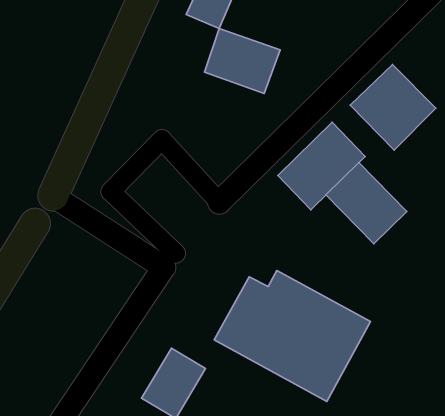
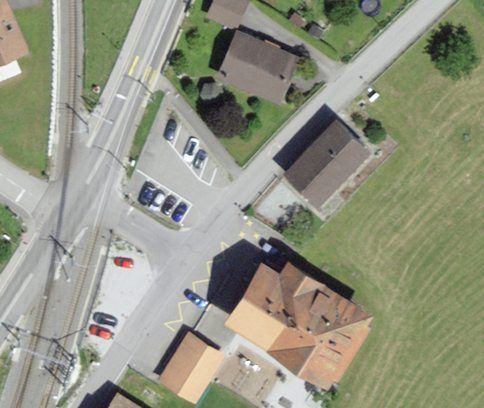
building: [350,64,436,150] -> none
building: [326,163,407,244] -> none

